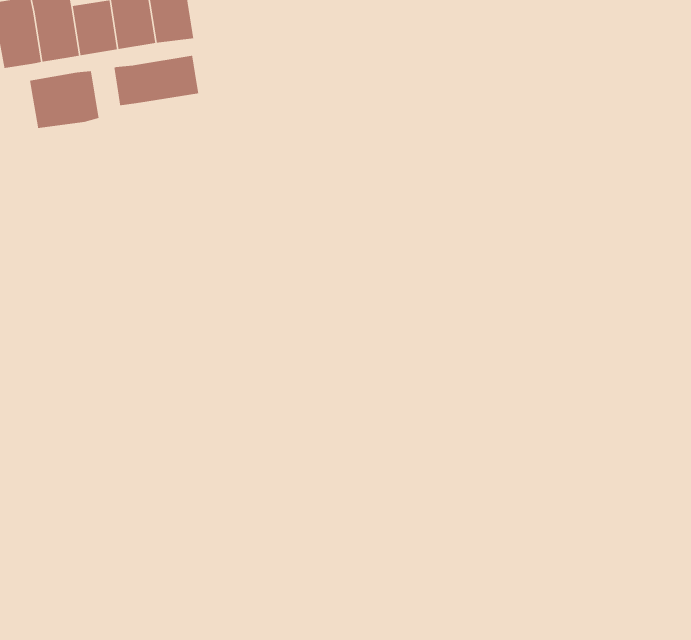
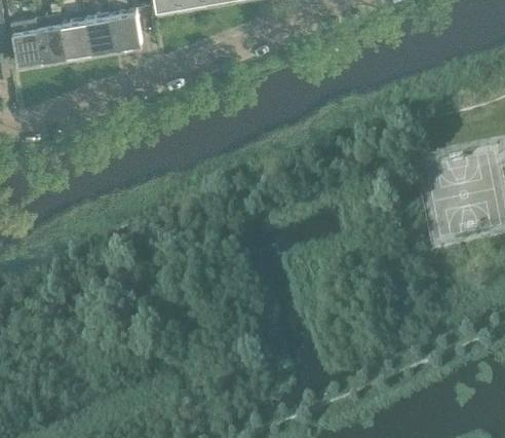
building: [114,55,199,106] -> none
building: [29,70,100,129] -> none

